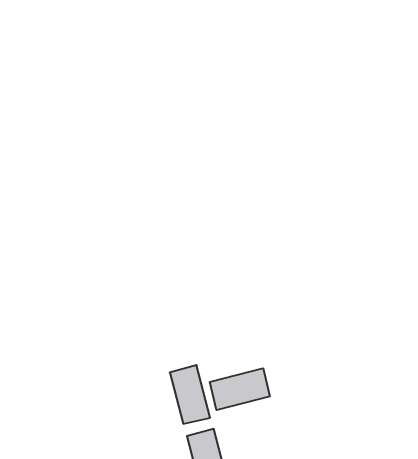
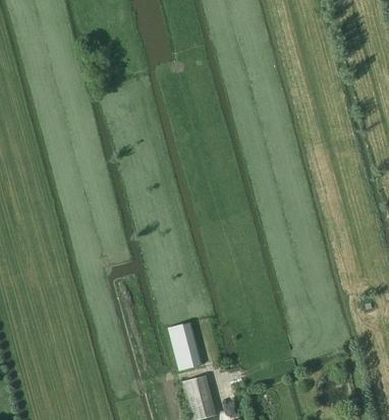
building: [210,368,270,410] -> none

